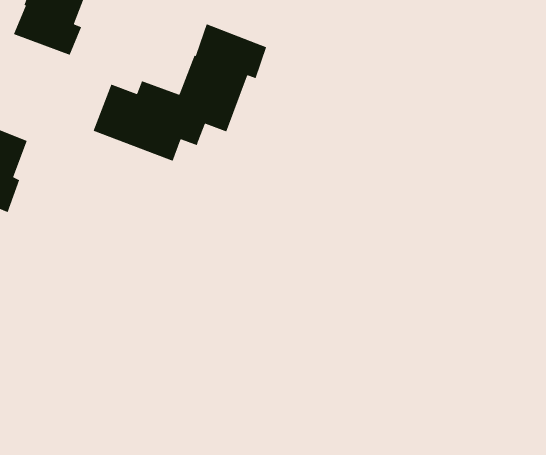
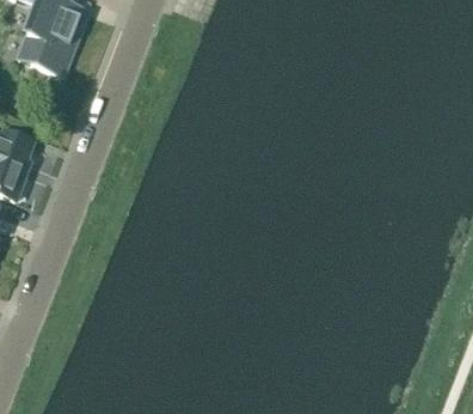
building: [92,23,267,162] -> none

